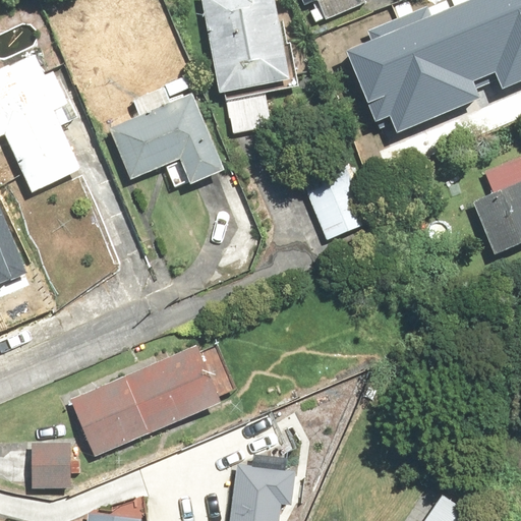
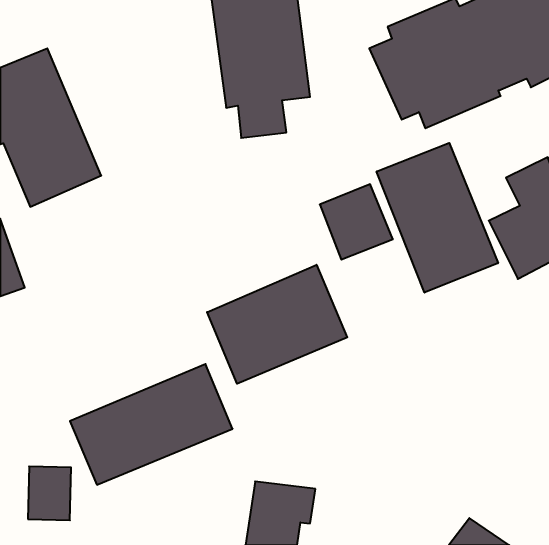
building: [106,97,224,192] -> none
building: none -> [377,143,498,293]
building: none -> [207,265,347,384]

